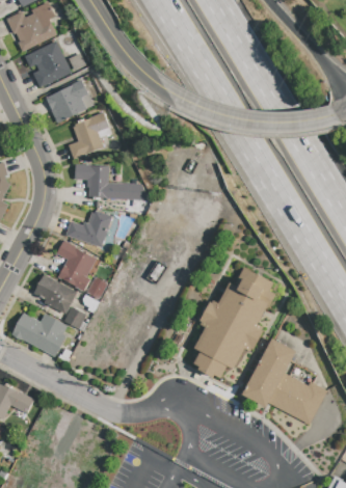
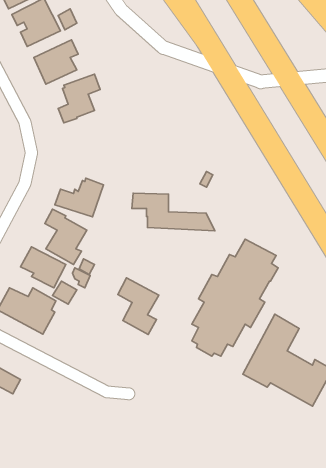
building: [74,165,152,200] -> [132,193,215,231]
building: none -> [118,278,159,334]

